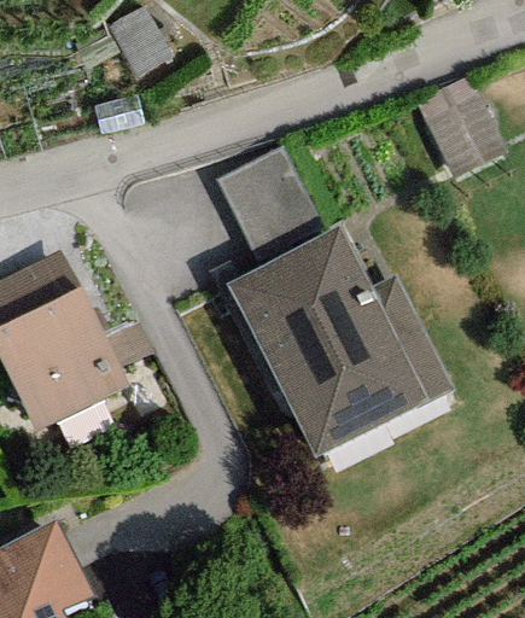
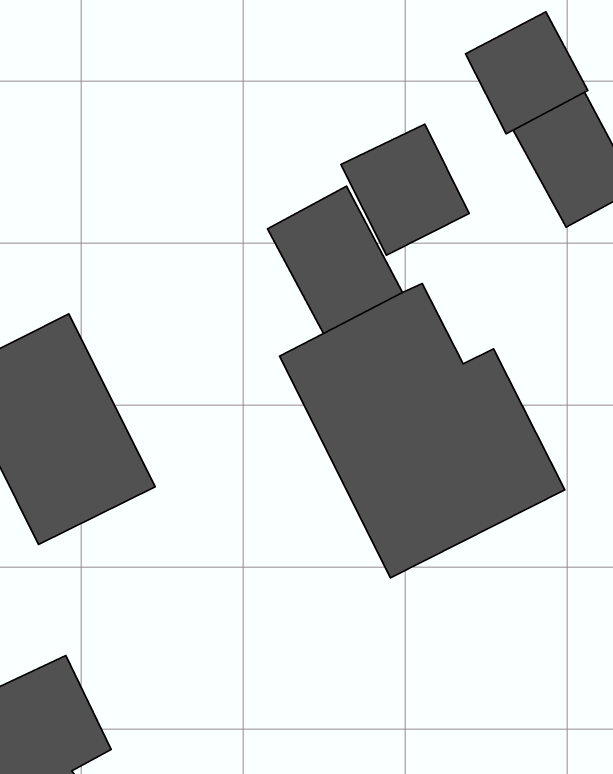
building: none -> [465,12,588,134]
building: none -> [341,124,469,255]

